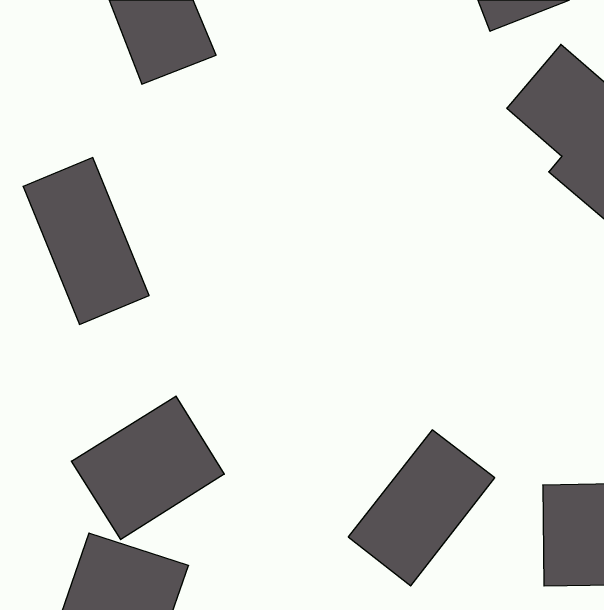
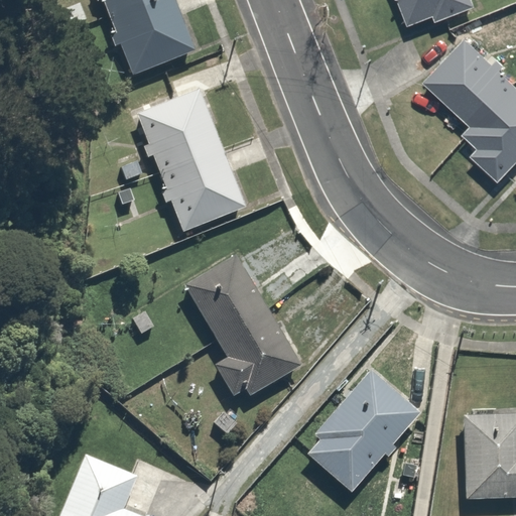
building: [23,158,149,324] -> [136,90,242,230]
building: none -> [188,260,302,404]
building: [71,396,224,540] -> none

